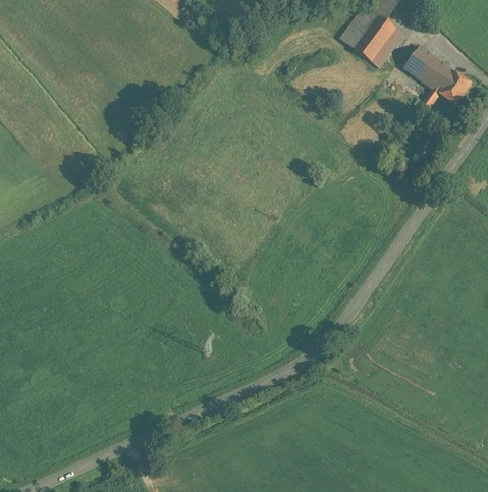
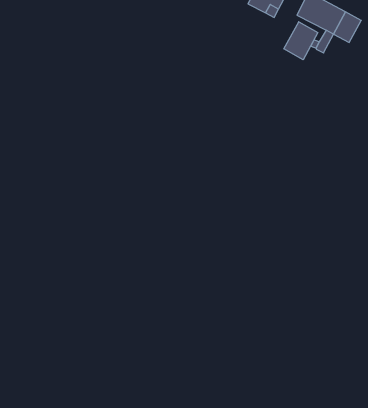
building: none -> [284,22,318,60]

